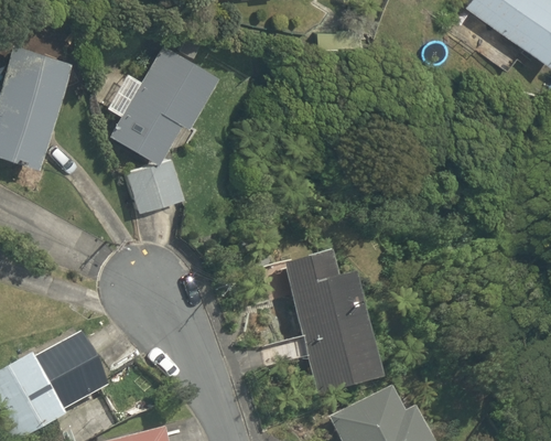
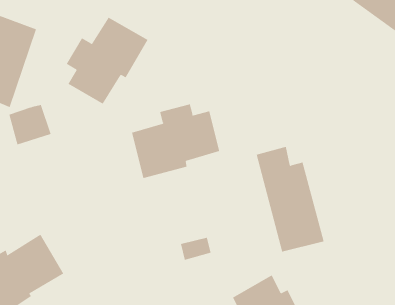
building: [130,158,187,212] -> [8,104,52,145]
building: none -> [132,103,220,179]
building: [285,252,377,394] -> [256,146,325,252]

